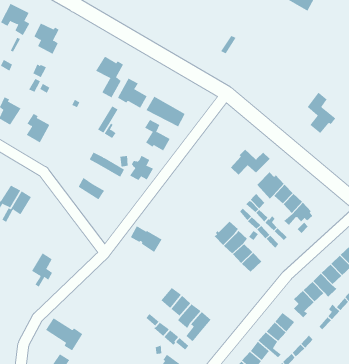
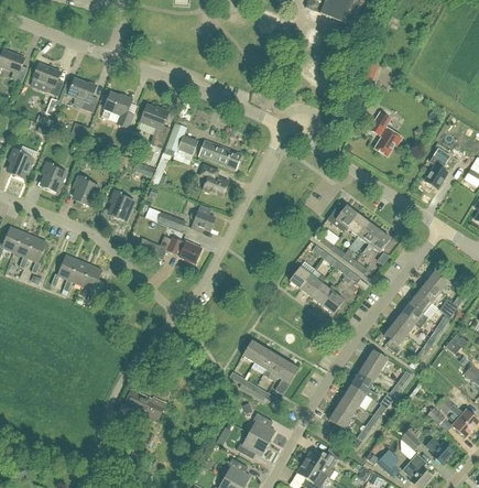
building: none -> [102,93,133,127]
building: none -> [110,189,135,221]
building: [230,149,270,176] -> none
building: [130,226,163,253] -> [166,236,202,262]
building: [31,253,53,287] -> [81,264,105,302]

